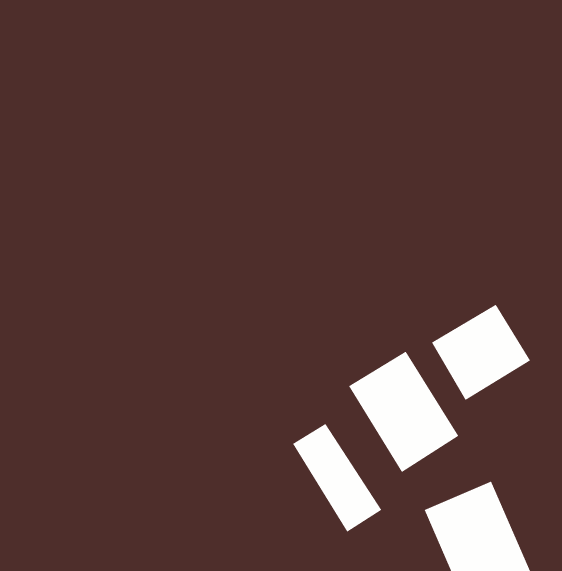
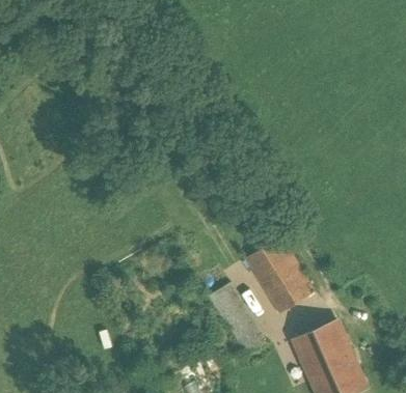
building: [431,304,531,401] -> none

